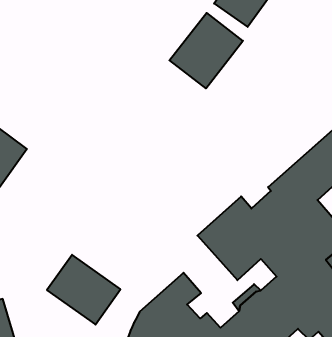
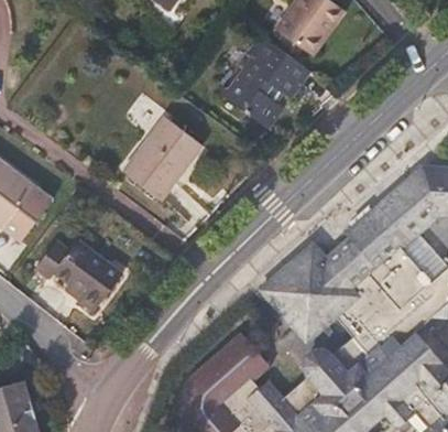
building: none -> [124,115,203,197]
building: [47,255,120,325] -> [41,230,128,313]

